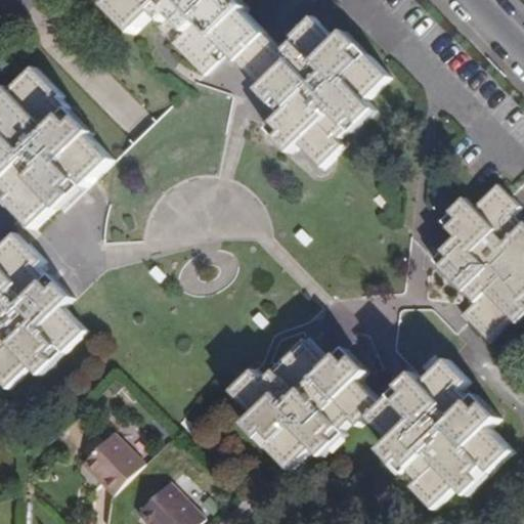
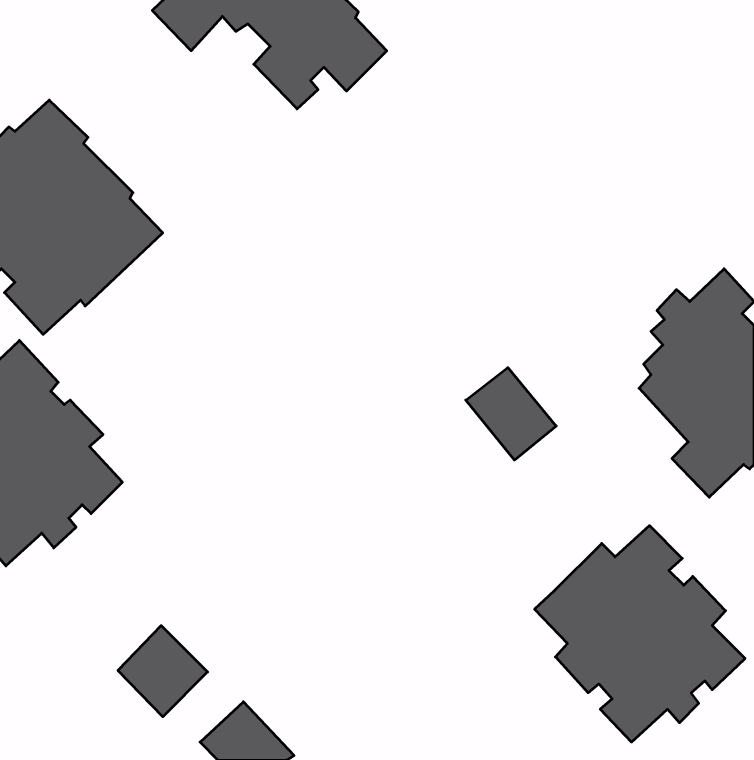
building: [237,18,388,166] -> none
building: none -> [466,368,556,460]
building: [231,339,380,469] -> none

